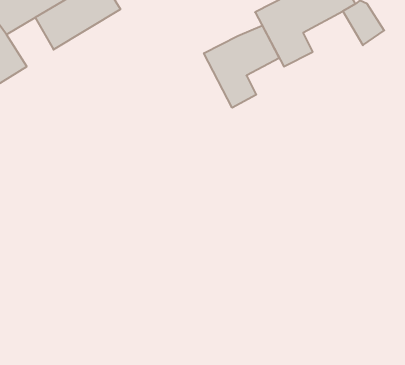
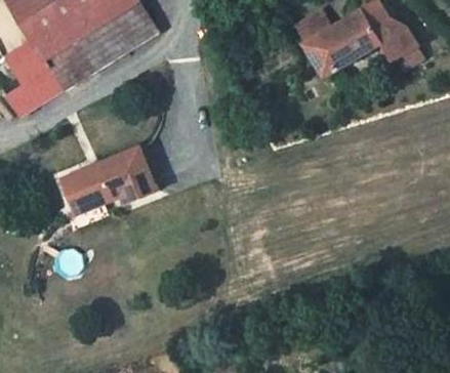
building: none -> [52,37,97,84]
building: [204,26,279,108] -> none
building: none -> [53,150,150,218]

